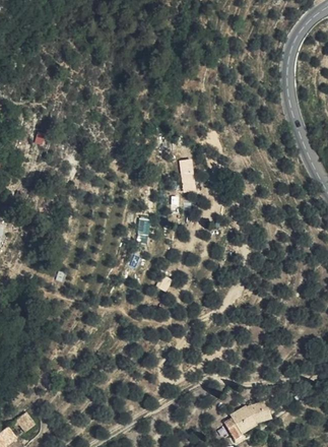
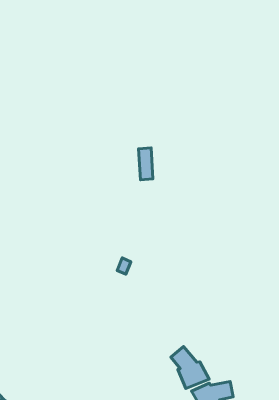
building: none -> [171,346,209,389]

